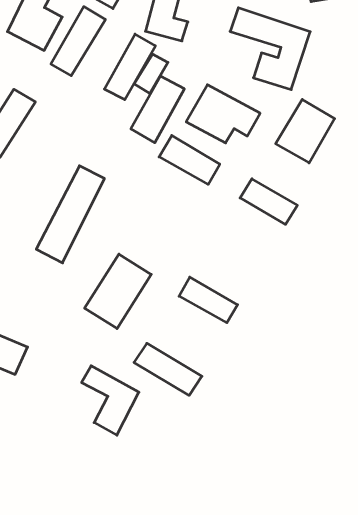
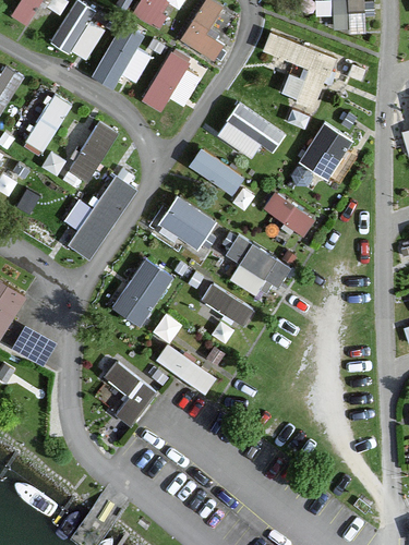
building: [131,76,184,143] -> [67,120,119,182]
building: none -> [156,194,216,251]
building: none -> [225,233,290,294]

